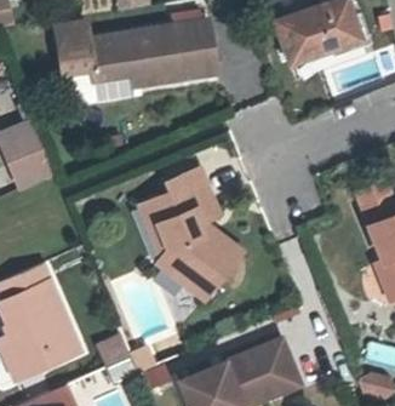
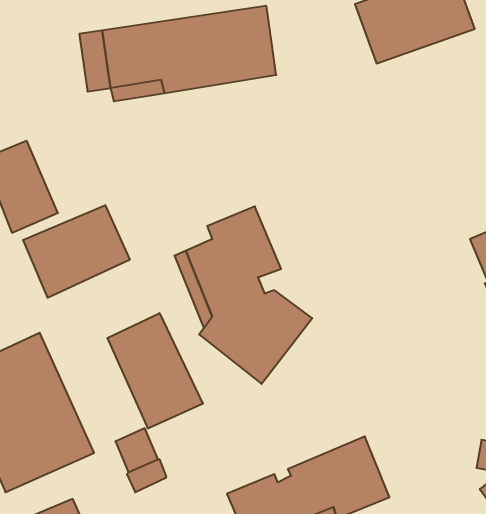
building: none -> [23,205,130,298]
building: none -> [107,313,203,429]

